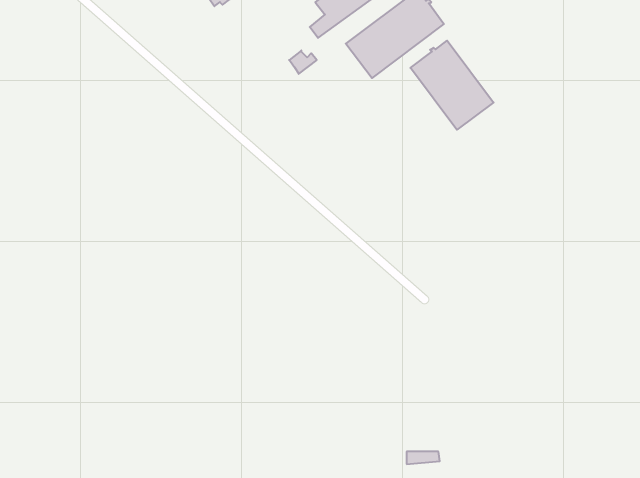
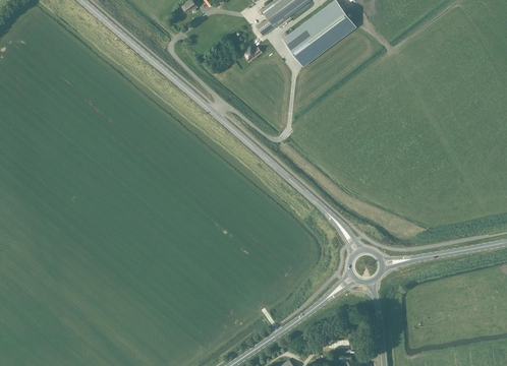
building: [410,41,494,130] -> none

